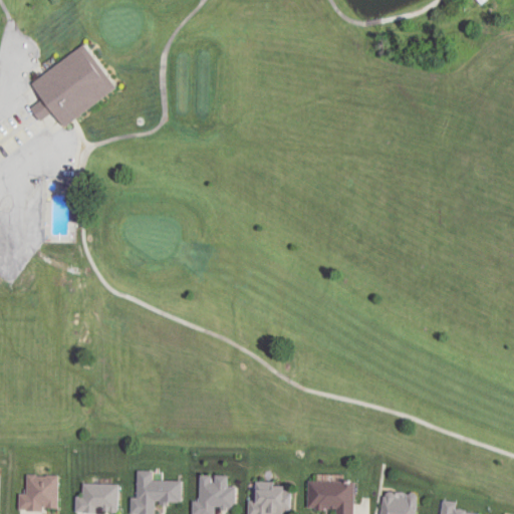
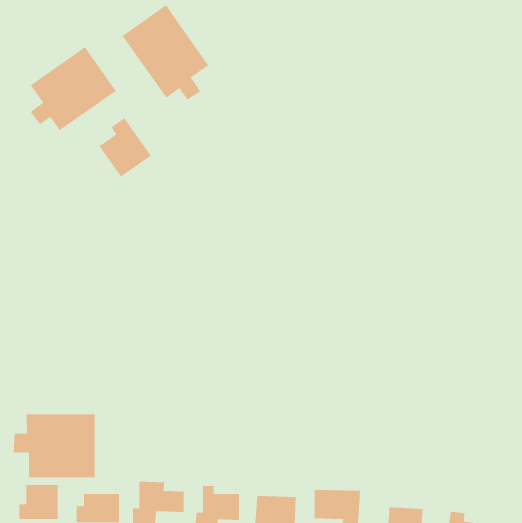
building: none -> [122,4,209,101]
building: none -> [98,117,152,178]
building: none -> [13,414,95,478]

